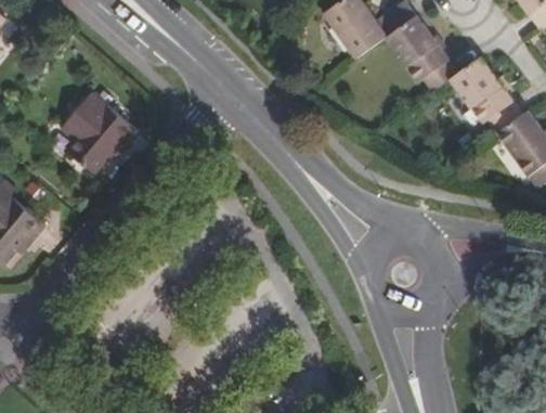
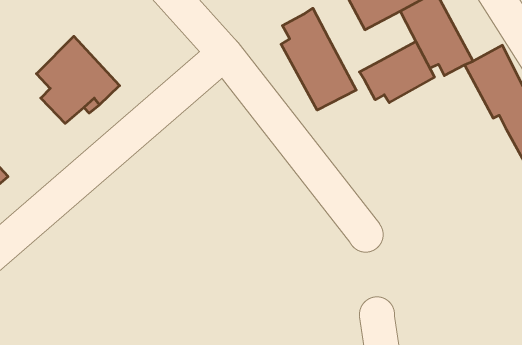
building: none -> [281,8,356,110]
building: none -> [359,42,434,103]

